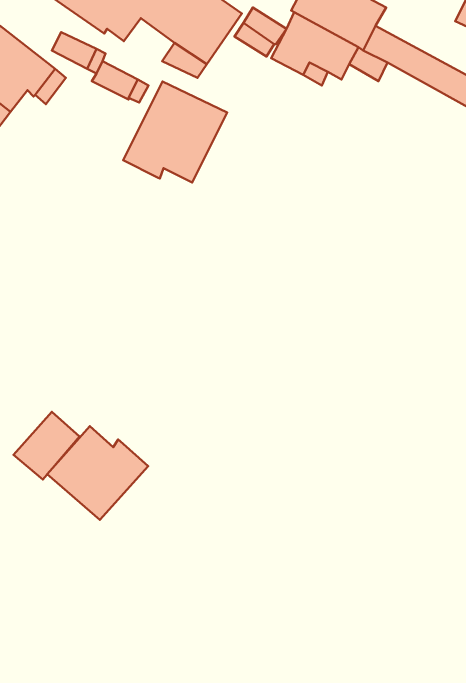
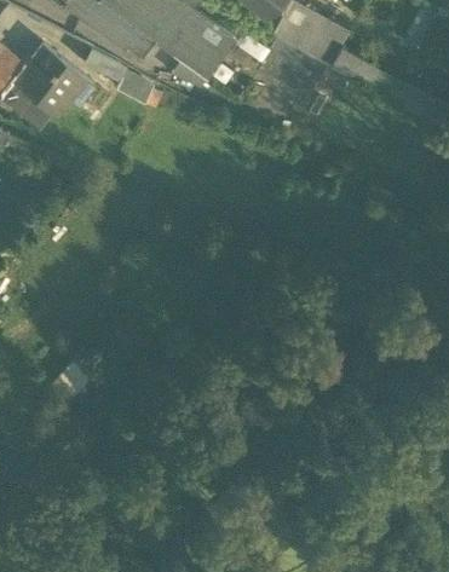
building: [123,82,227,182] -> none
building: [47,426,148,520] -> none

